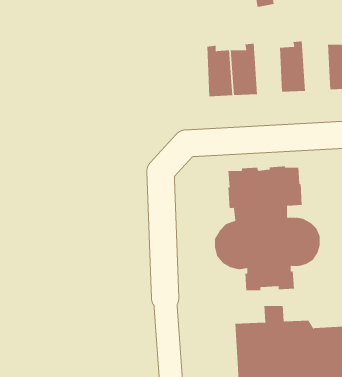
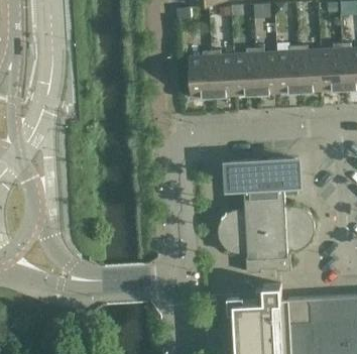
building: none -> [296,45,321,91]
building: none -> [253,47,277,94]
building: none -> [188,50,212,97]

